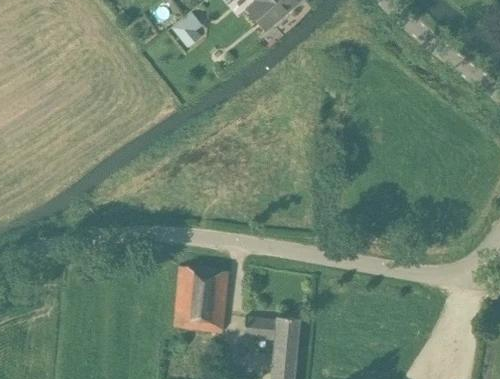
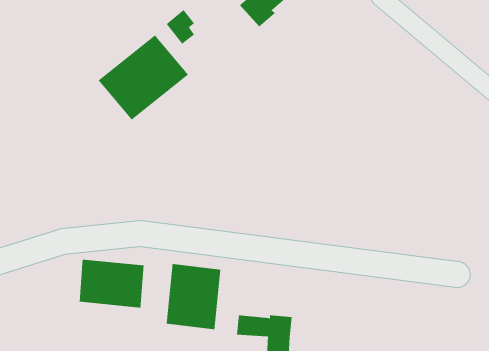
building: none -> [98,34,189,121]
building: none -> [79,259,144,308]

